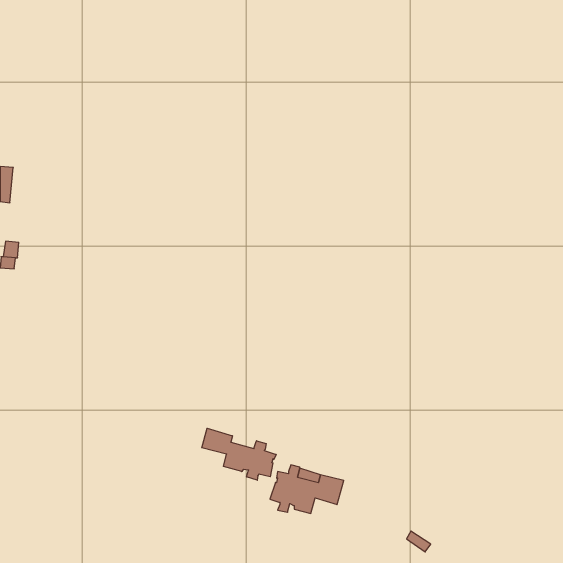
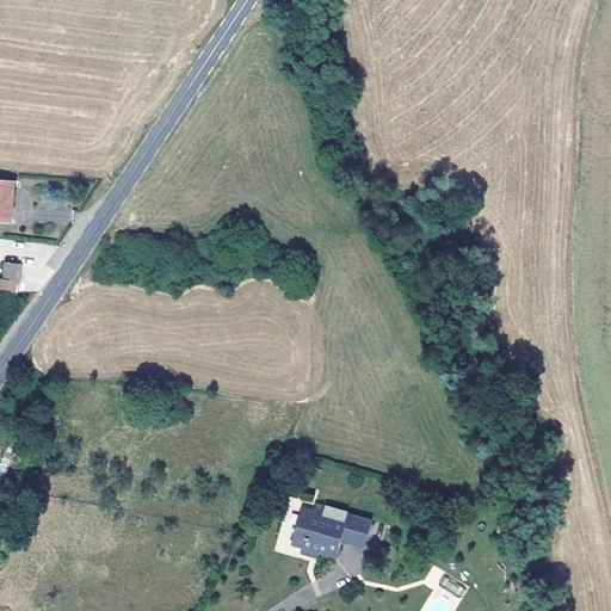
building: [202,428,276,480] -> none

